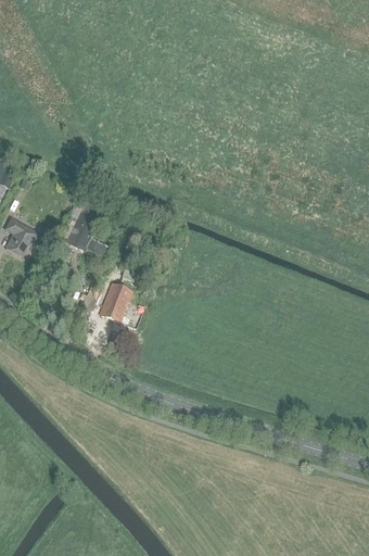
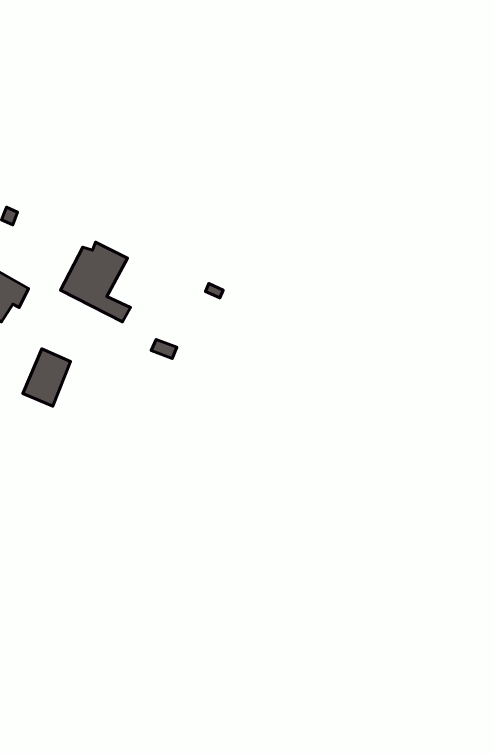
building: [98,282,130,321] -> [23,349,71,406]

